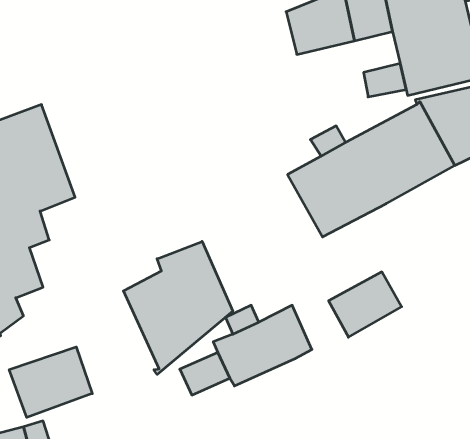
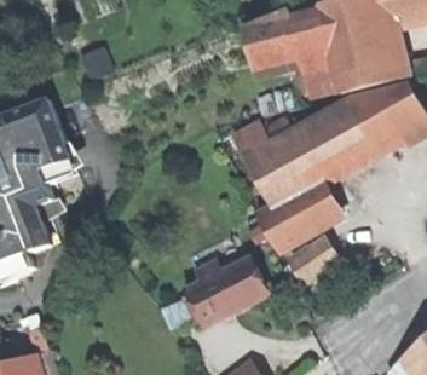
building: none -> [256,178,344,250]
building: [123,241,233,374] -> none
building: [9,347,92,417] -> none

